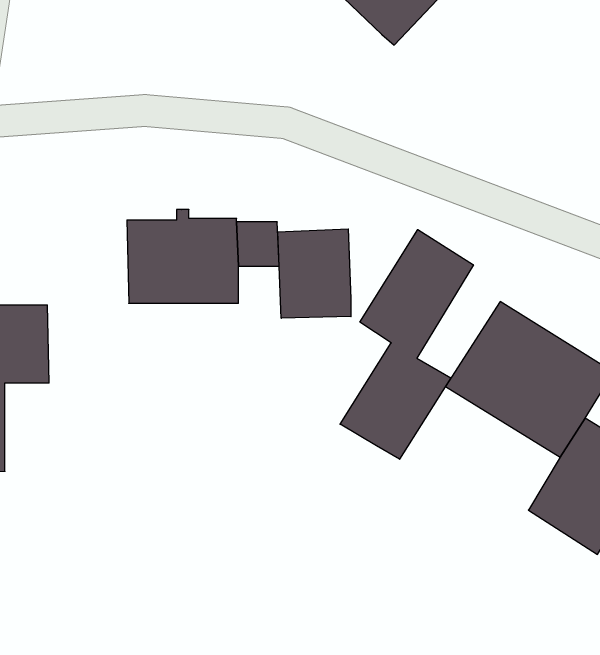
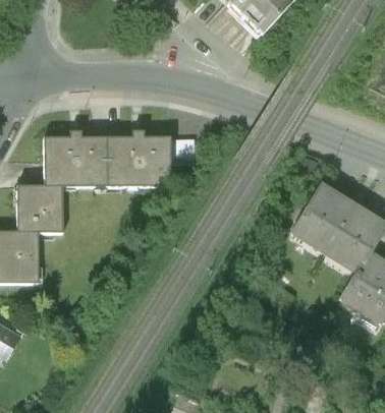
building: none -> [44,131,108,185]
building: [278,229,351,318] -> none
building: [340,230,473,459] -> none

